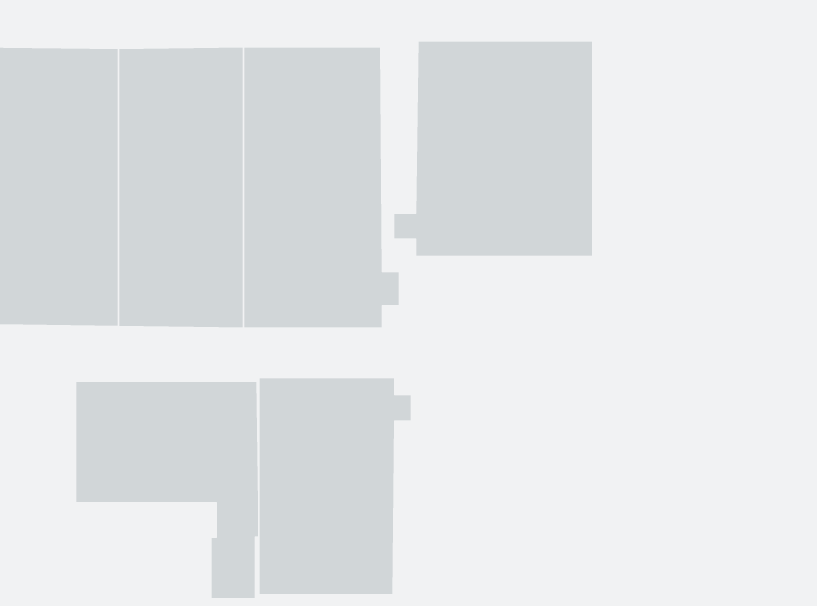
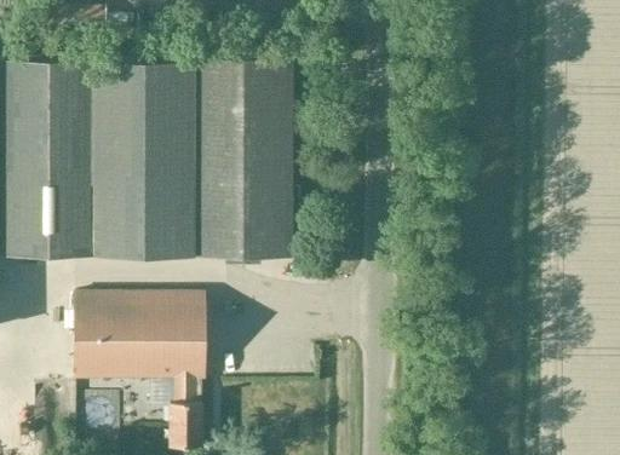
building: [394,41,593,256] -> none
building: [259,377,412,595] -> none

